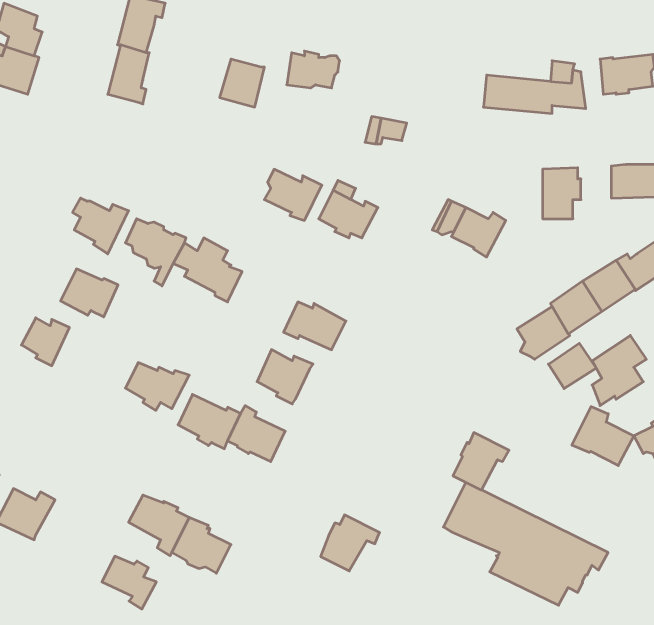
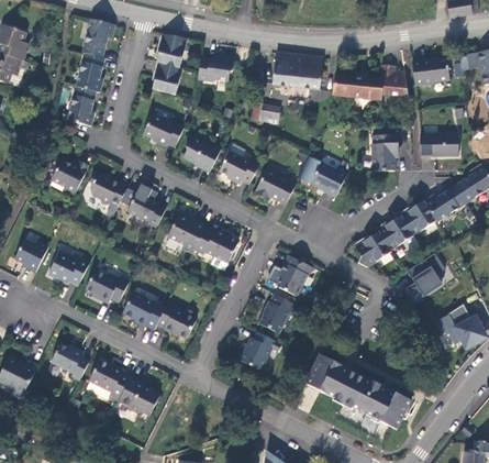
building: none -> [156,33,187,66]
building: none -> [273,52,323,88]
building: none -> [66,85,96,125]
building: none -> [143,114,185,147]
building: none -> [254,169,296,205]
building: [61,269,118,317] -> [49,251,89,284]
building: none -> [278,253,313,296]
building: [548,343,596,389] -> none
building: [257,350,313,404] -> [169,214,208,252]
building: [572,407,634,466] -> none
building: [453,433,509,490] -> [259,293,298,332]
building: [321,515,380,571] -> [241,331,281,370]
building: [102,556,156,609] -> [52,344,89,381]

